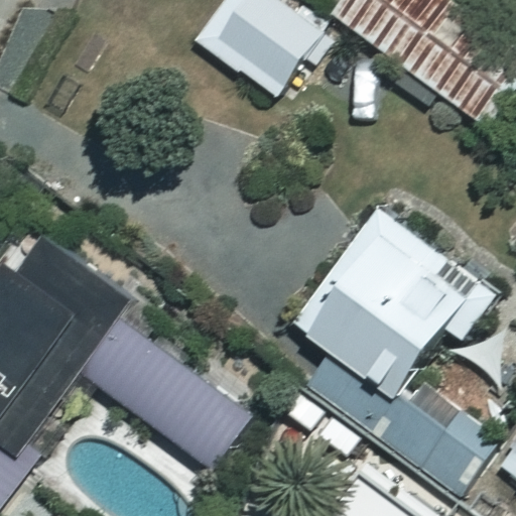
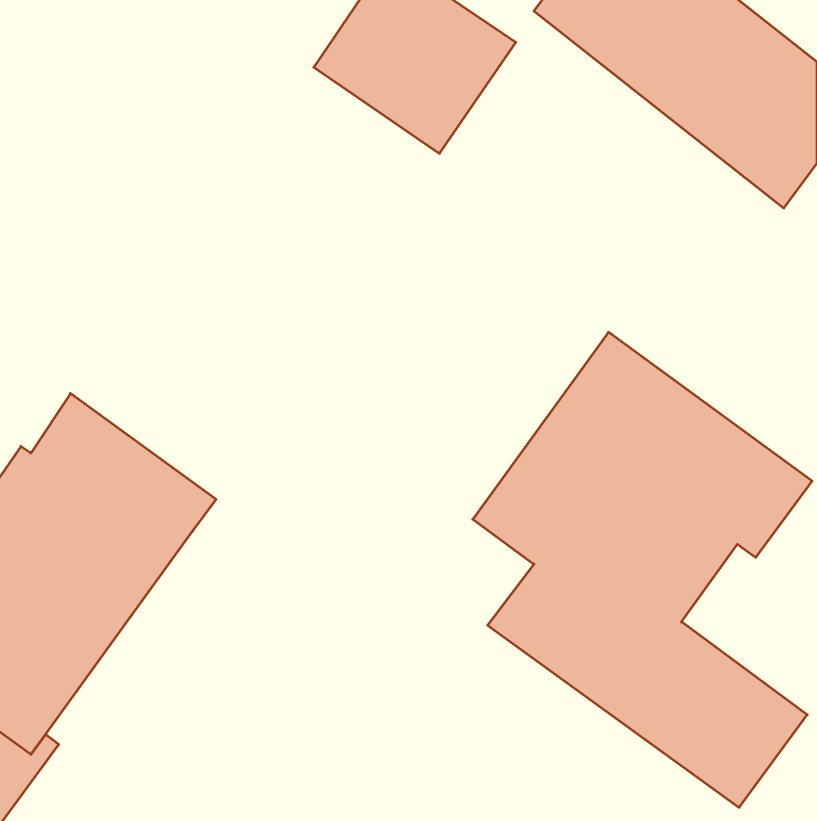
building: [83,324,252,470] -> none

